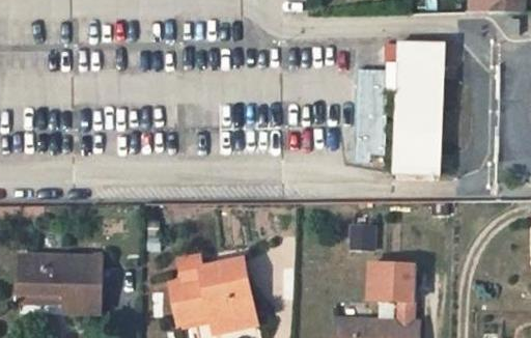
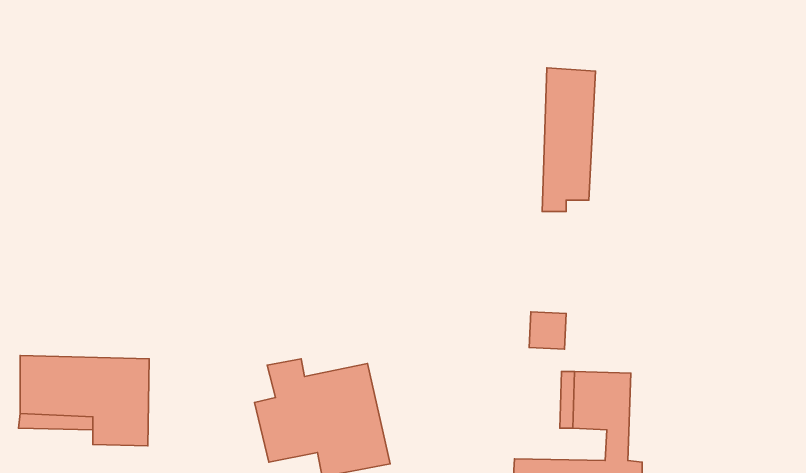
building: [385,41,444,174] -> none

